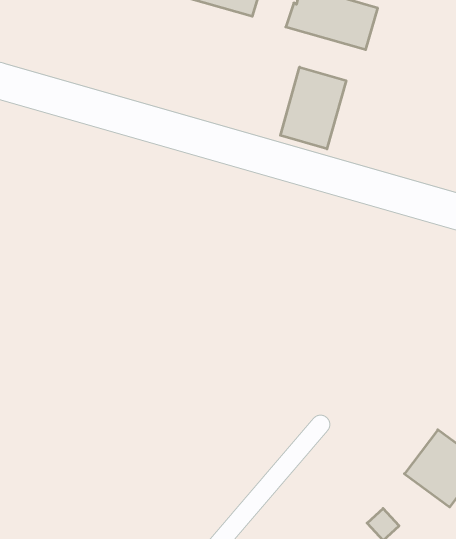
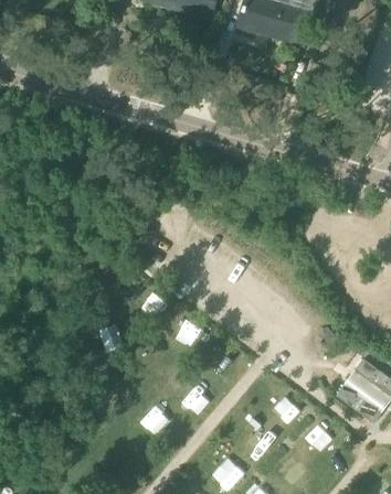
building: [280,67,346,149] -> none

